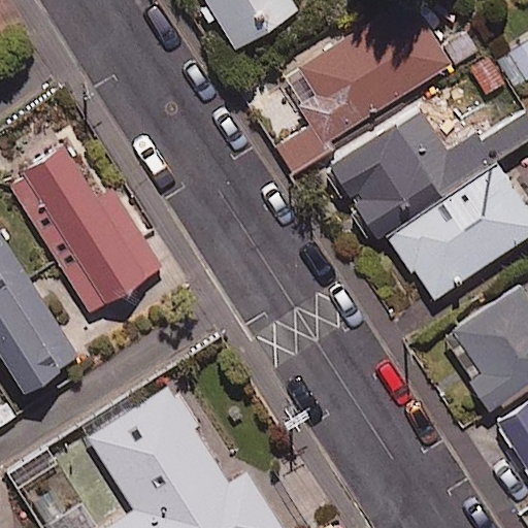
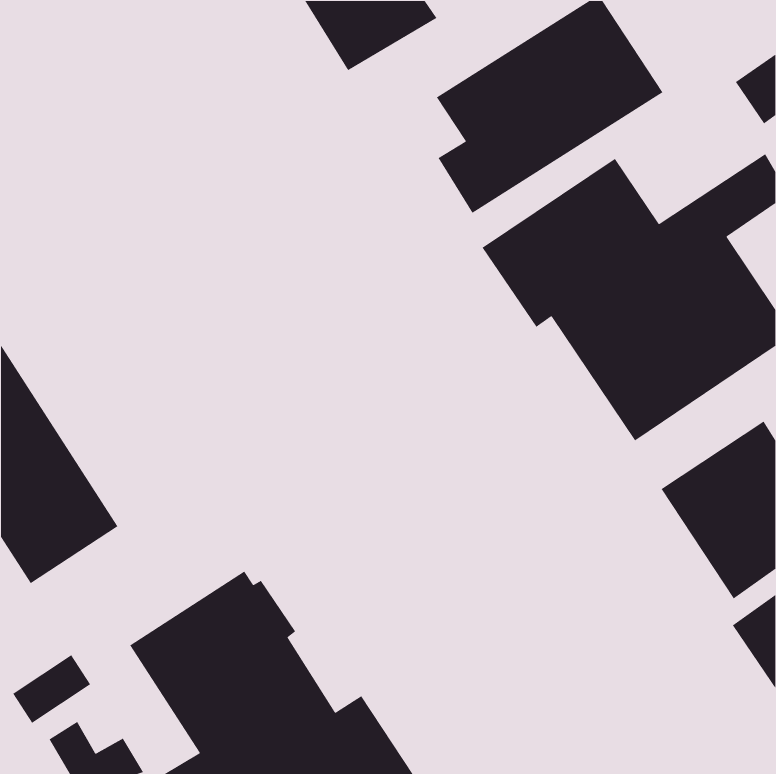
building: [18,147,162,312] -> none

